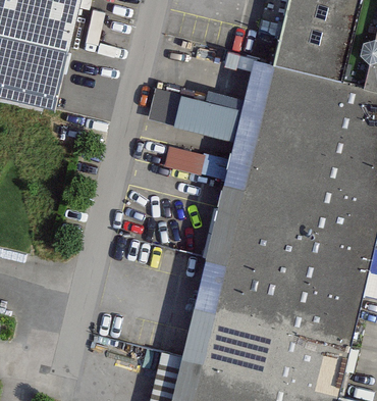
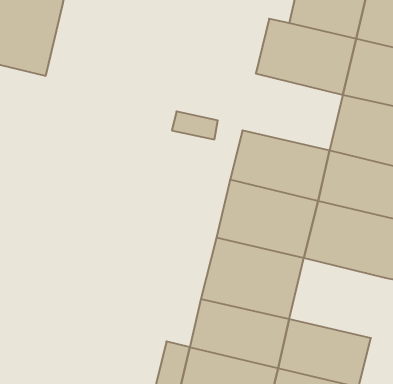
building: [151,89,324,180] -> none
building: [275,278,363,351] -> none

